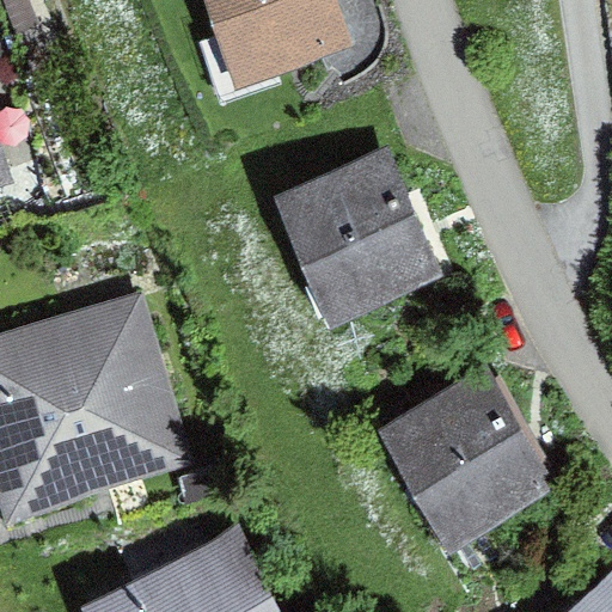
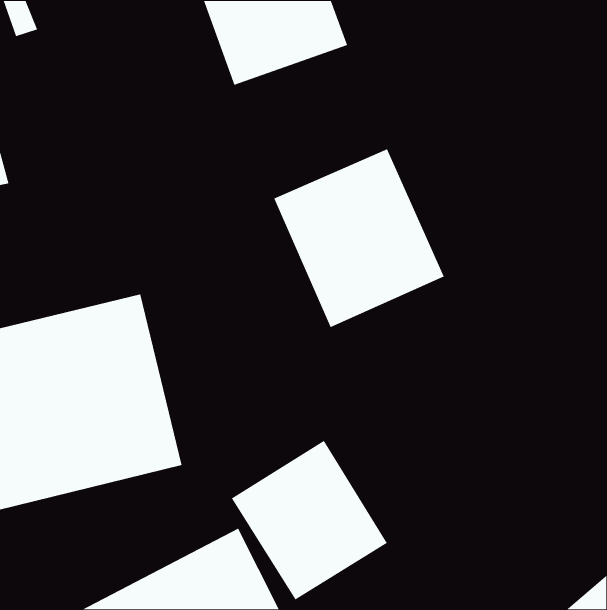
building: [378,366,563,555] -> none
building: none -> [231,440,388,600]

